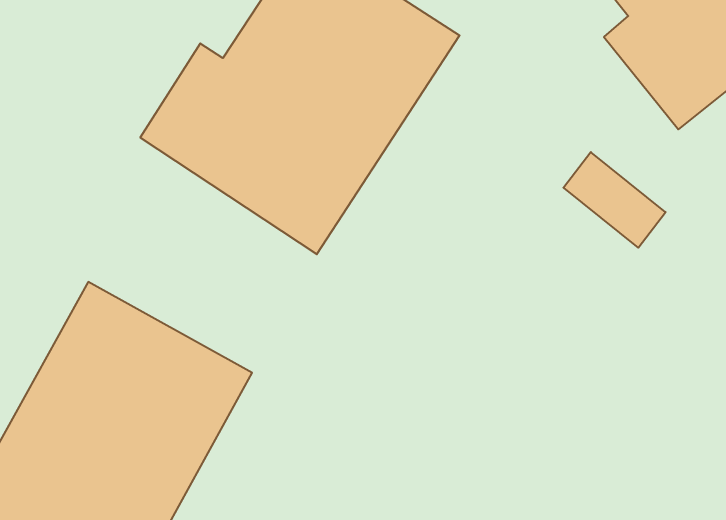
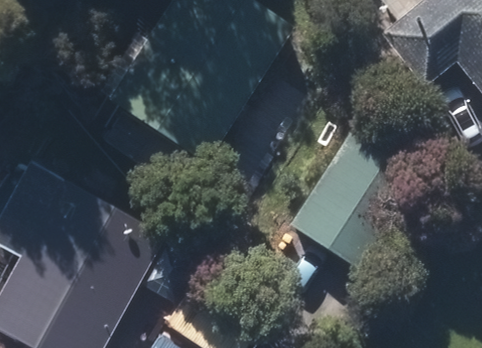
building: none -> [290,133,424,272]

